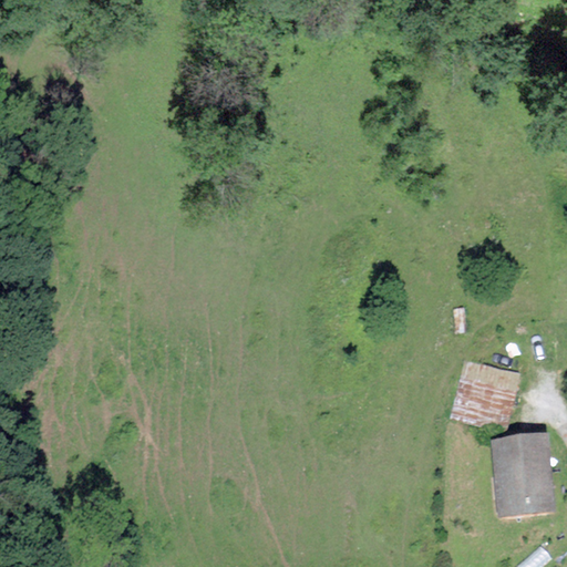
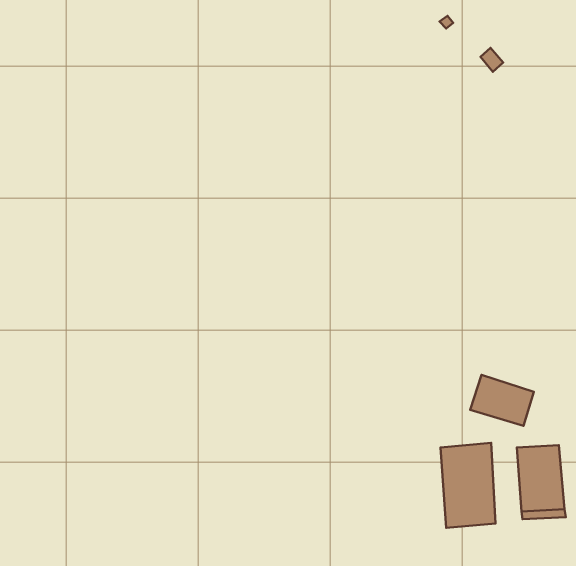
building: none -> [440,443,495,528]

